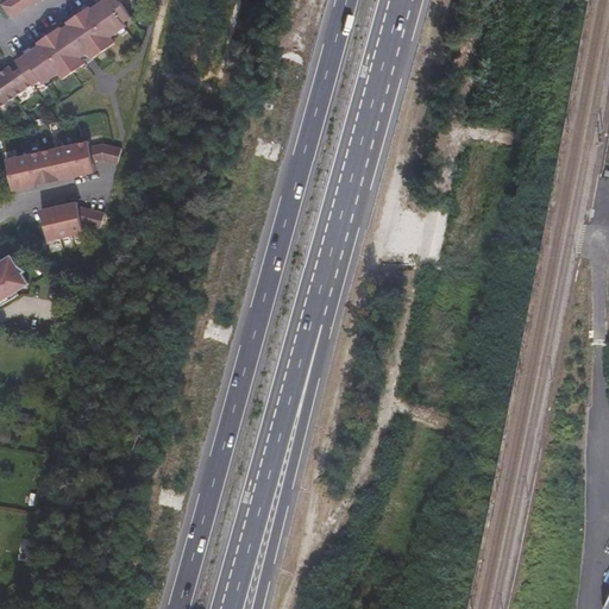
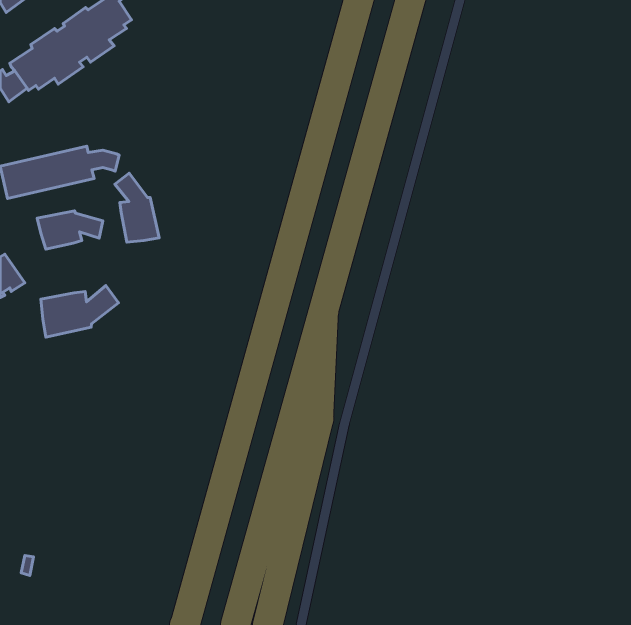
building: none -> [115,173,159,242]
building: none -> [41,286,118,337]

